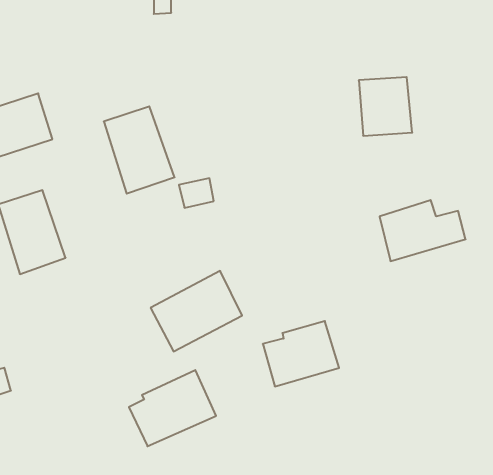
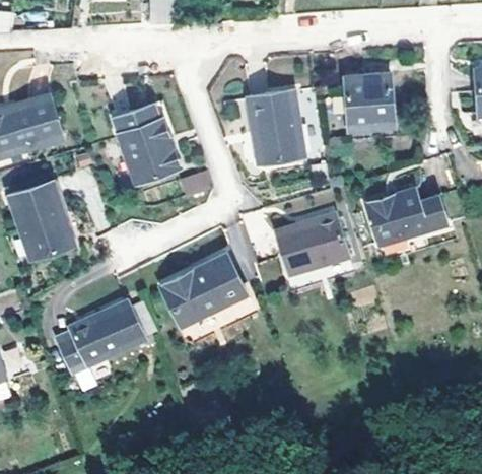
building: none -> [248,93,301,168]
building: [263,321,339,386] -> [275,214,346,275]
building: [129,370,216,446] -> [62,302,143,374]

